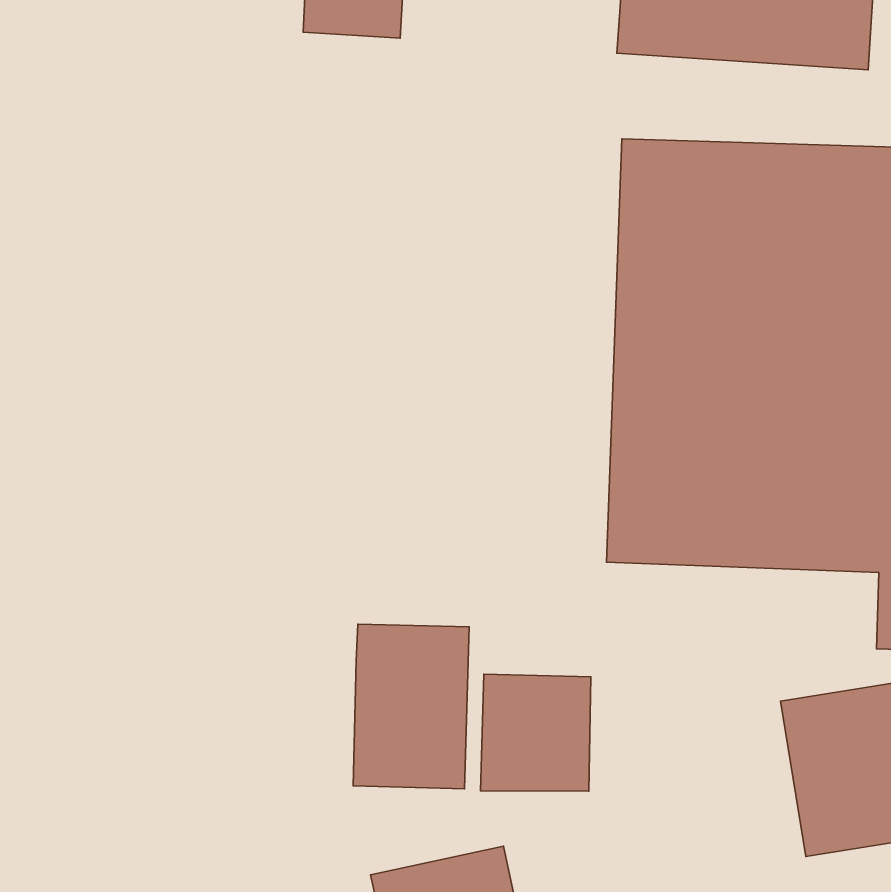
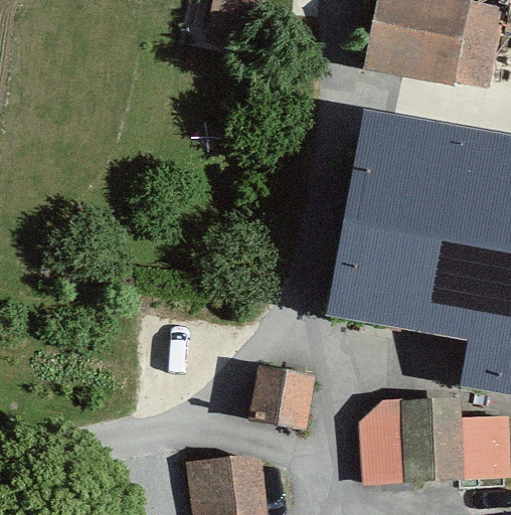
building: [353,624,469,789] -> none
building: none -> [361,400,410,483]

